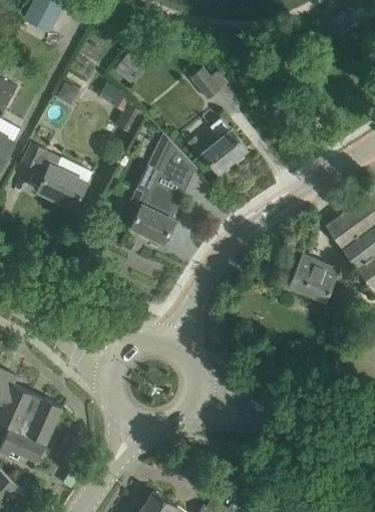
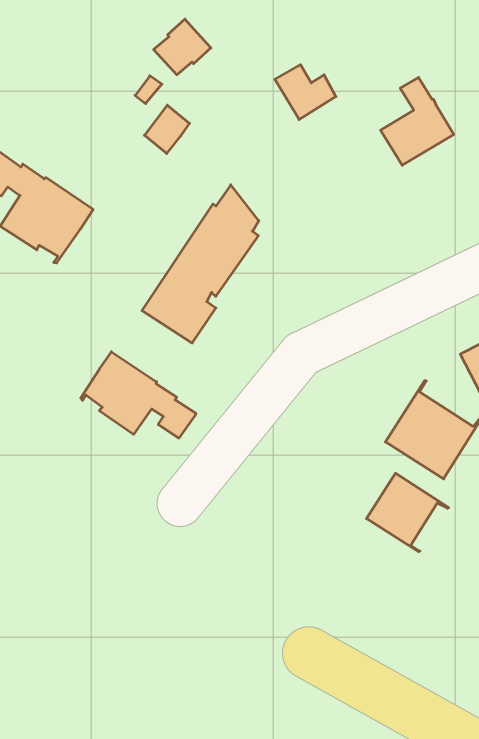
building: [202,118,246,173] -> [381,77,454,165]
building: none -> [81,352,196,438]
building: none -> [366,473,449,552]

